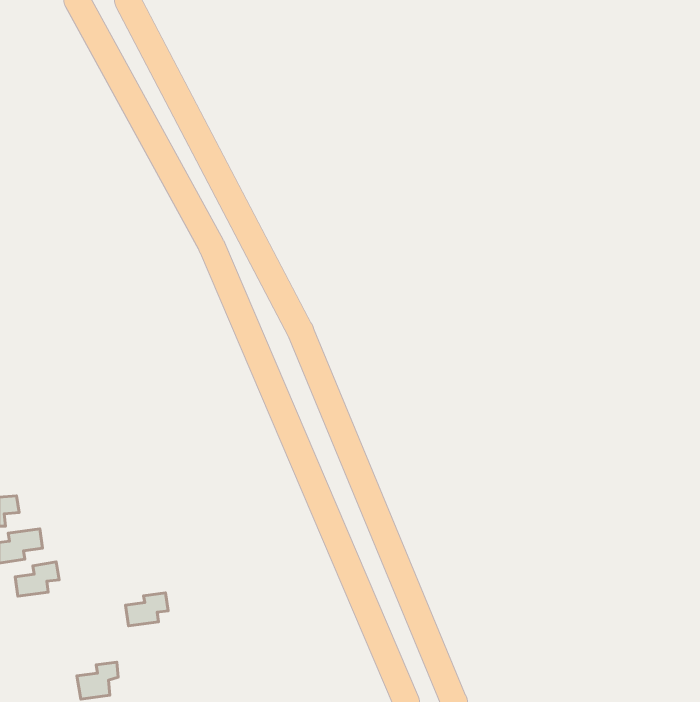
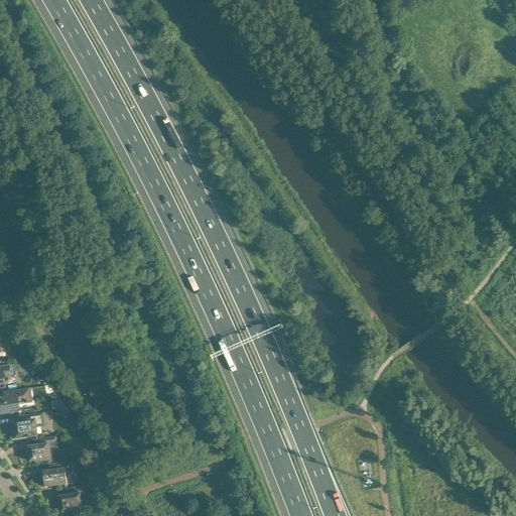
building: [126,593,168,626] -> [41,462,73,486]
building: none -> [25,437,56,461]

